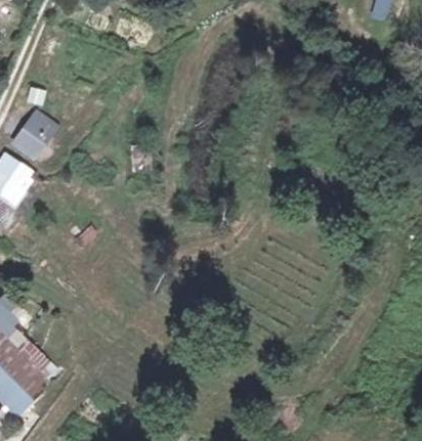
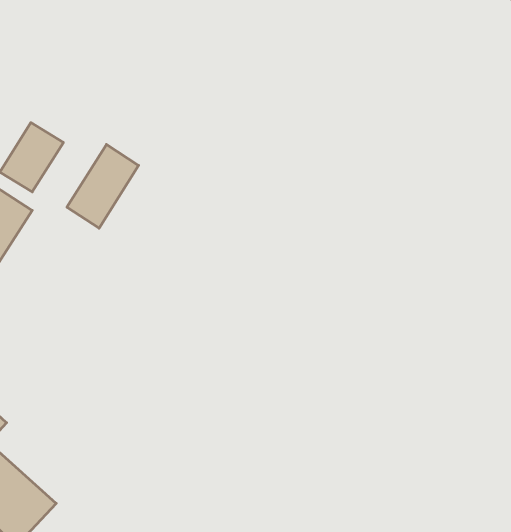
building: none -> [67,144,139,228]

